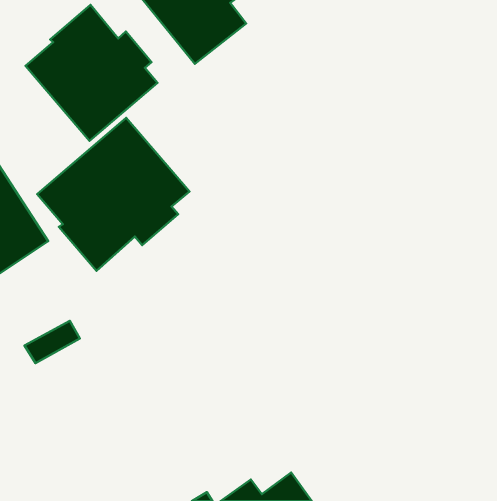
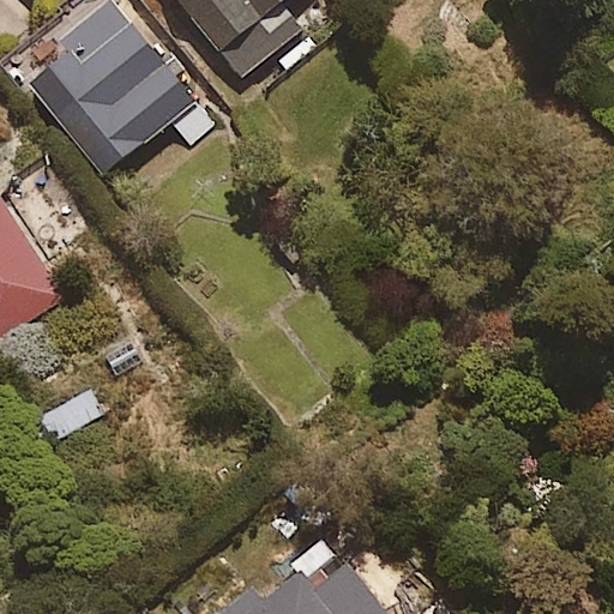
building: [37,118,189,271] -> none

